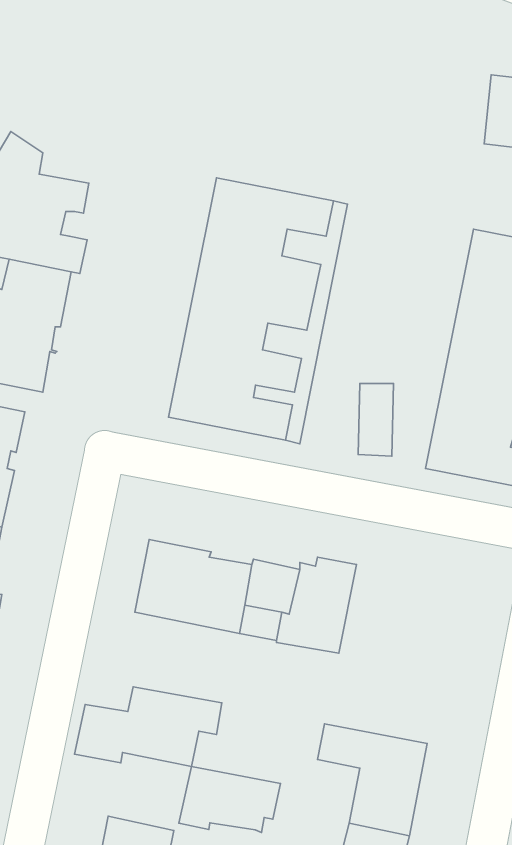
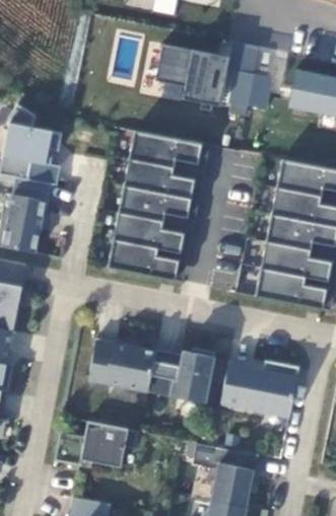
building: none -> [155,44,279,110]
building: none -> [220,361,299,416]
building: [179,767,281,832] -> none

